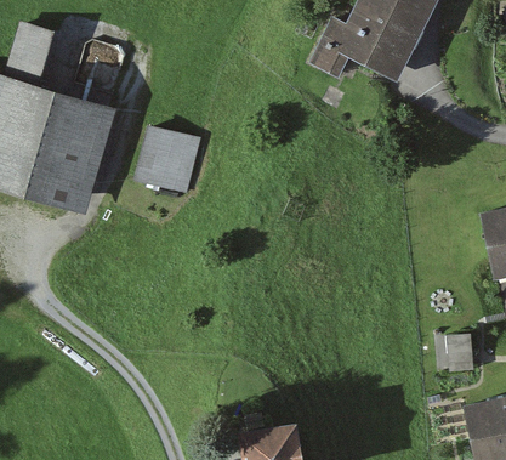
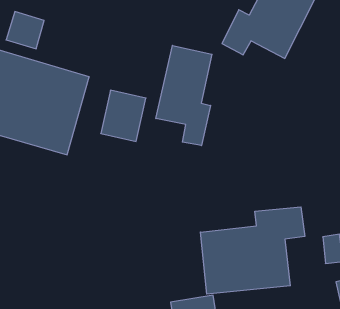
building: none -> [156,45,212,146]
building: none -> [200,207,305,294]

